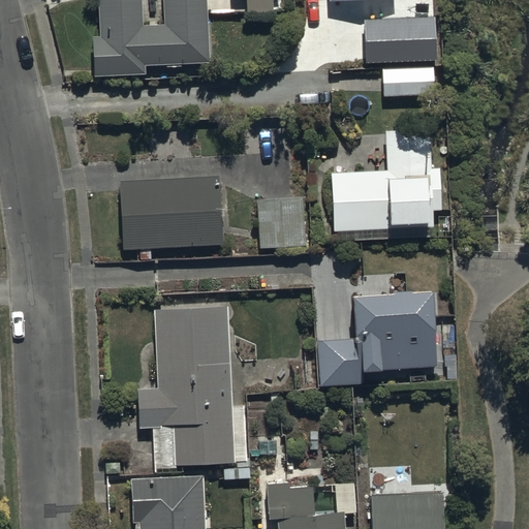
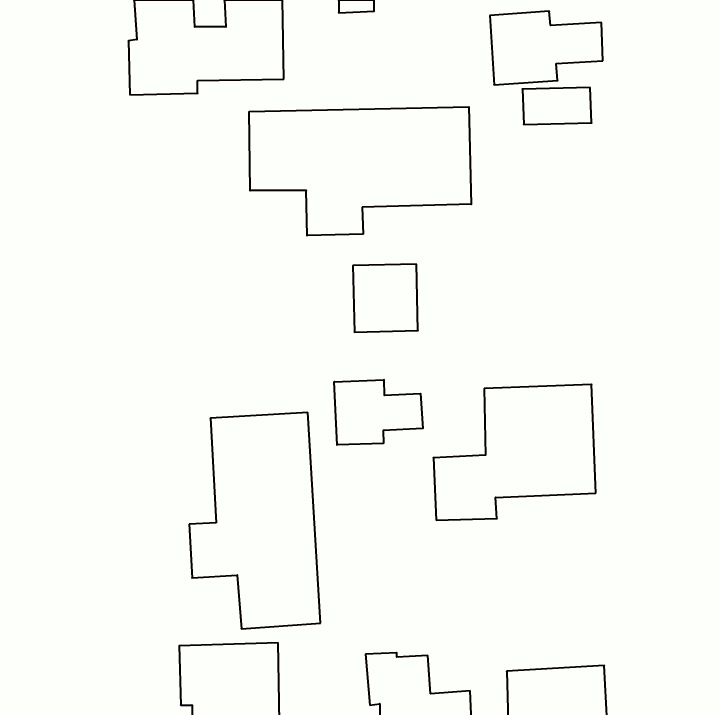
building: none -> [249,107,471,236]
building: [331,128,441,229] -> none
building: [120,177,223,250] -> none
building: none -> [334,380,423,445]

